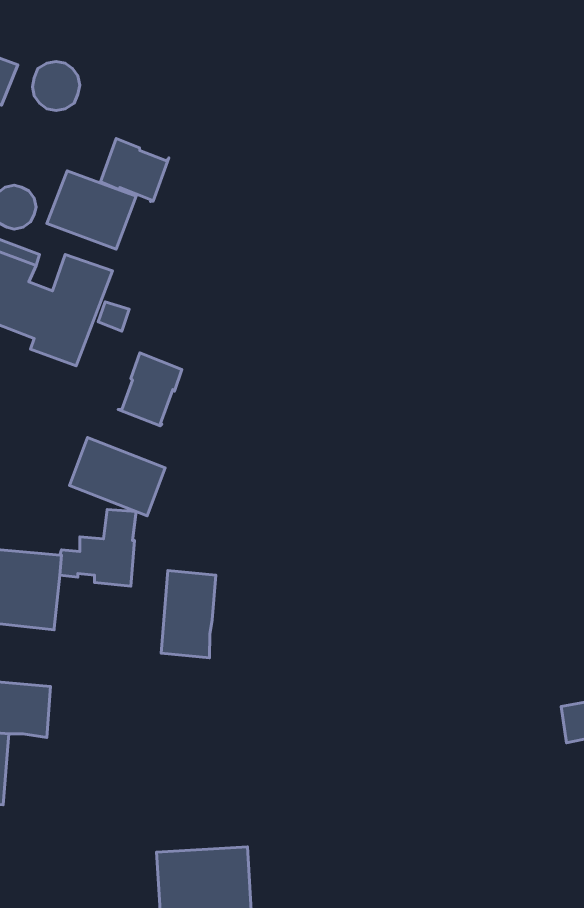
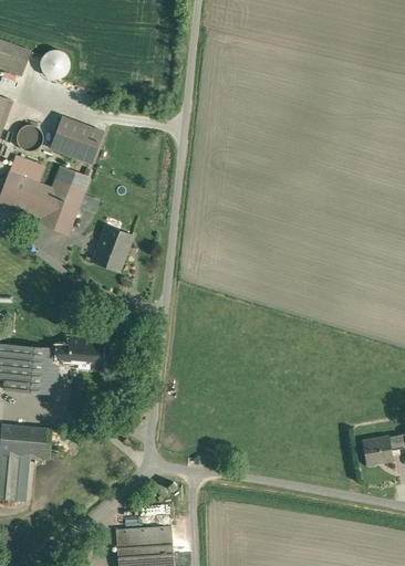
building: [100,138,169,201] -> none
building: [69,438,165,516] -> none
building: [161,570,216,658] -> none

